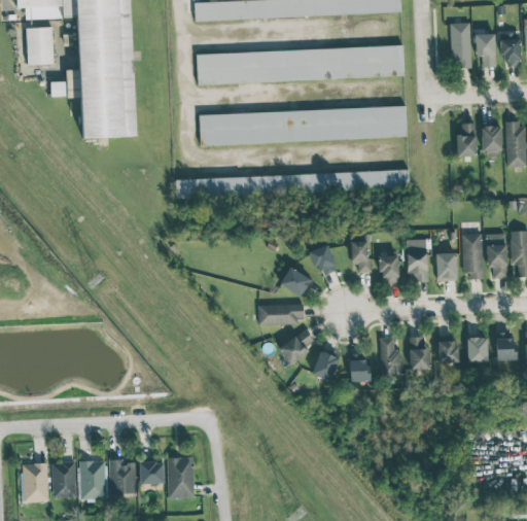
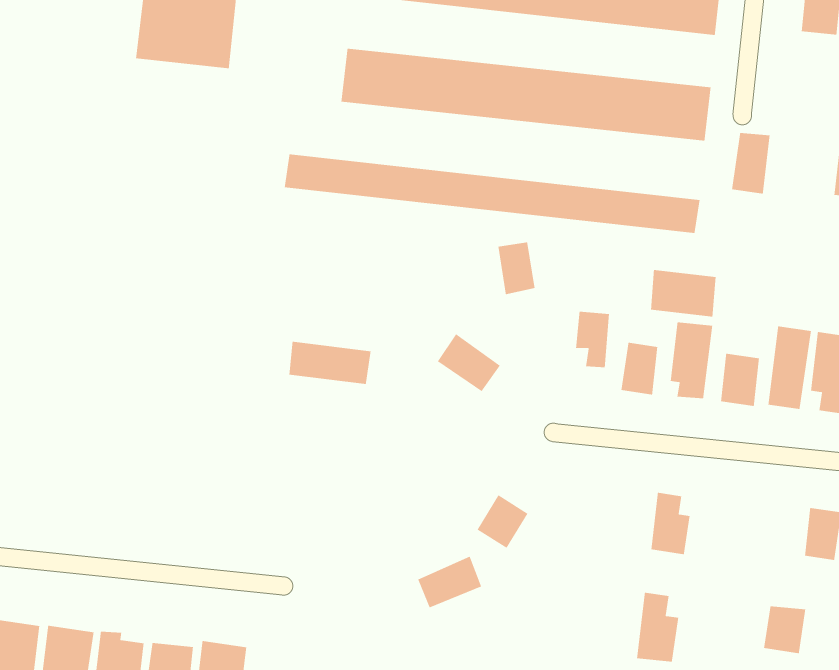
building: [458,123,477,157] -> [731,132,771,195]
building: none -> [650,269,716,318]
building: [312,245,337,277] -> [498,241,536,295]
building: [258,304,304,324] -> [289,341,372,385]
building: [279,329,316,362] -> [417,556,482,609]
building: [438,335,457,363] -> none
building: [467,337,488,362] -> [763,605,806,654]
building: [380,338,401,376] -> [636,592,679,662]
building: [350,354,368,381] -> none

